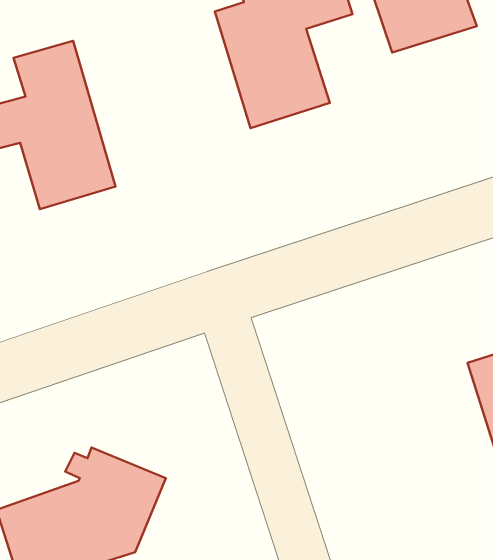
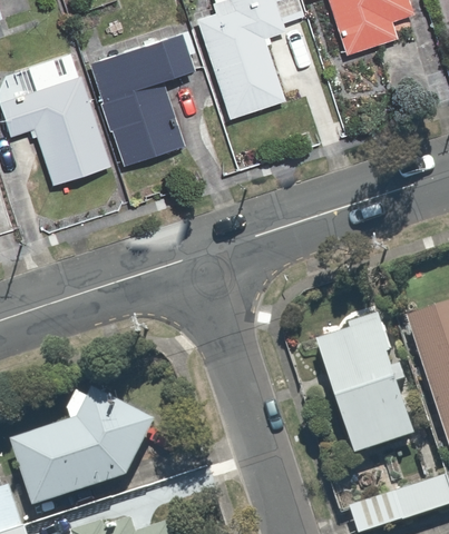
building: none -> [85,26,195,164]
building: none -> [318,324,421,454]

